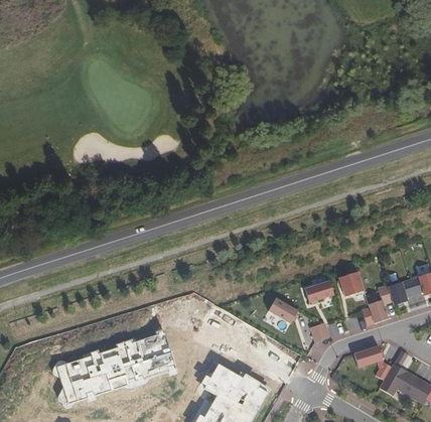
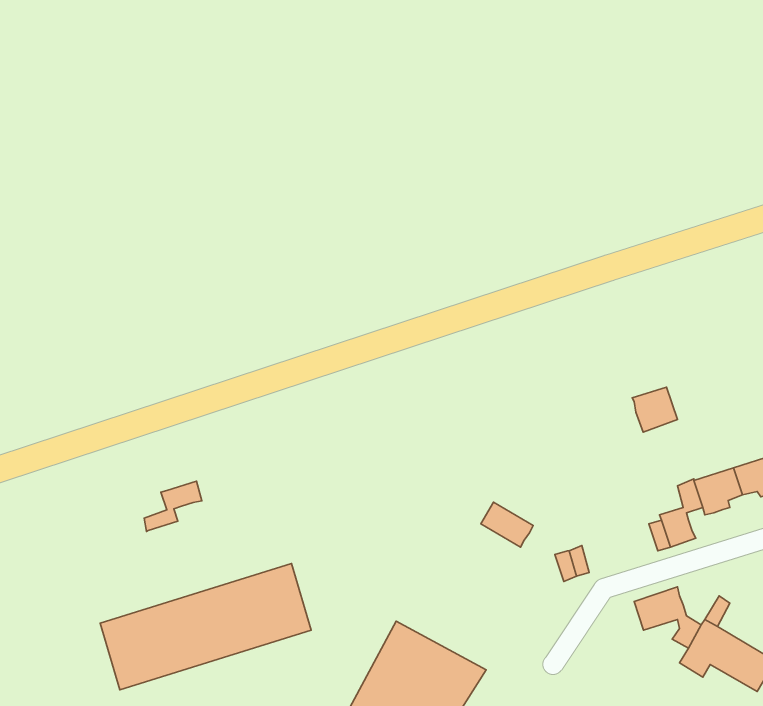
building: [339,272,365,297] -> [632,387,677,432]
building: [305,281,334,302] -> none
building: none -> [144,481,202,531]

